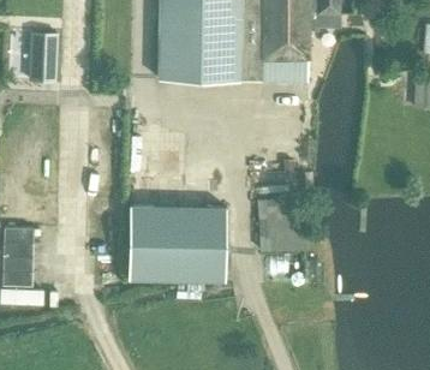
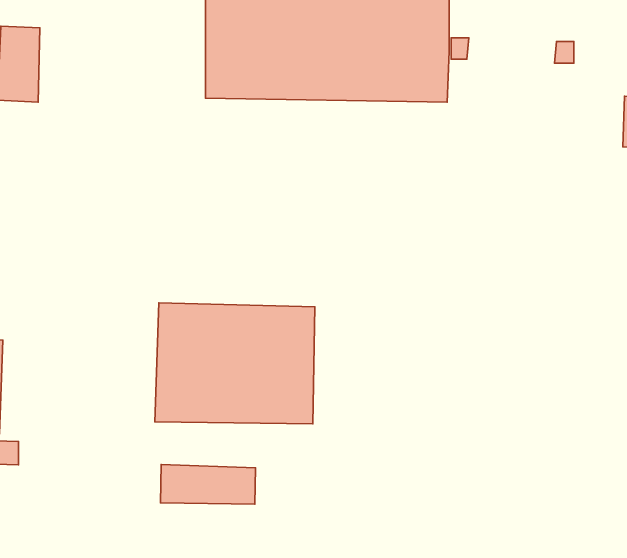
building: none -> [160,465,255,504]

